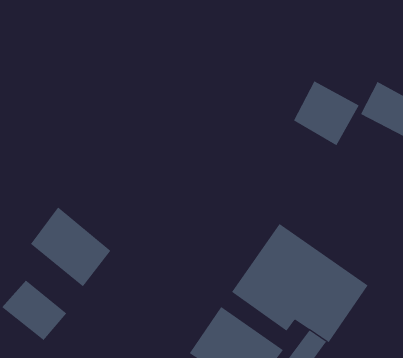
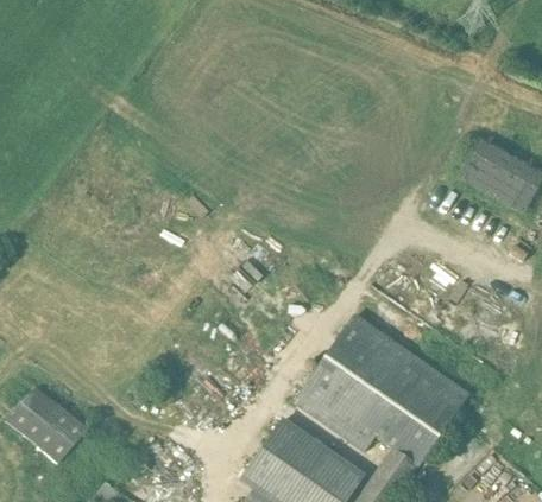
building: [293,80,360,146] -> none
building: [30,206,111,287] -> none

